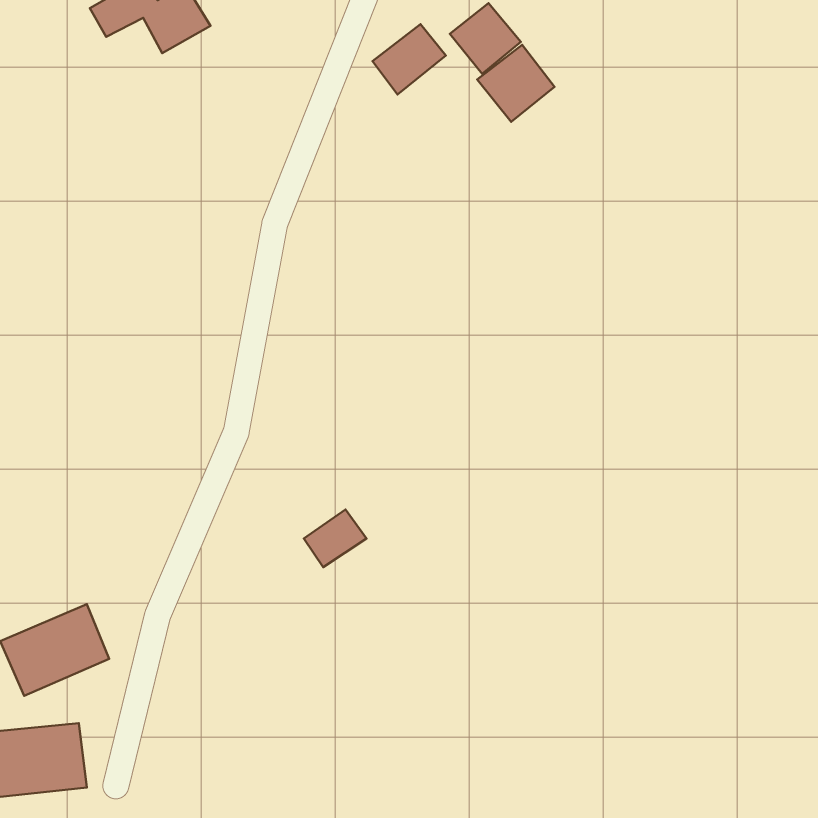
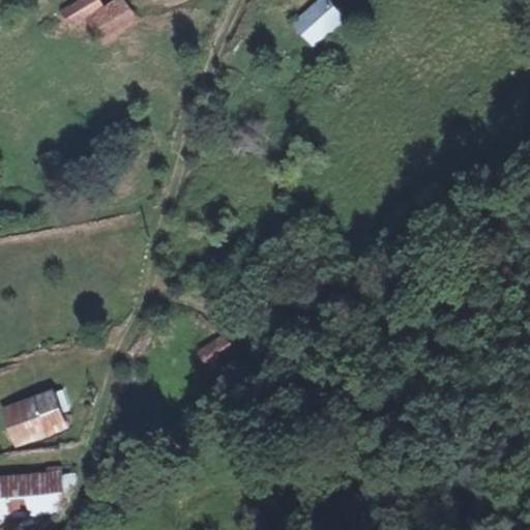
building: [373,24,446,94] -> none
building: [477,45,554,122] -> none

